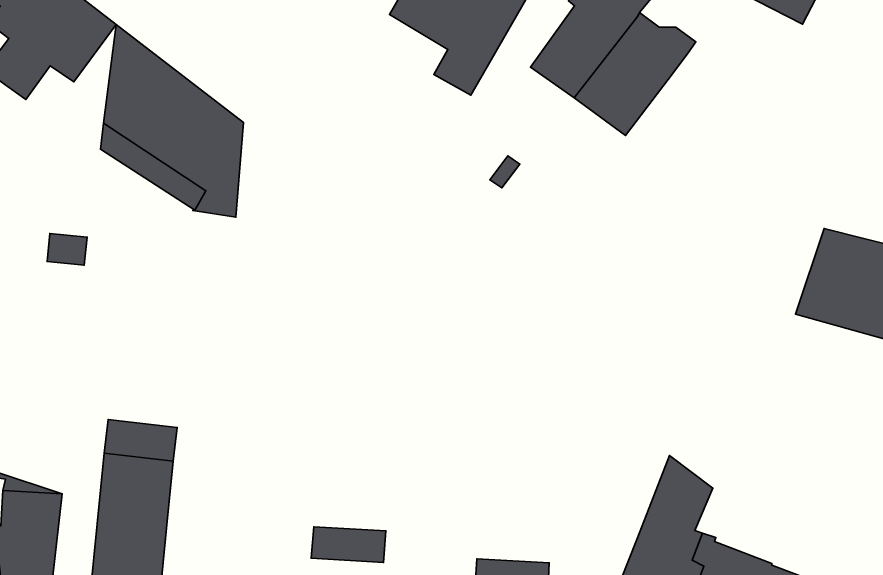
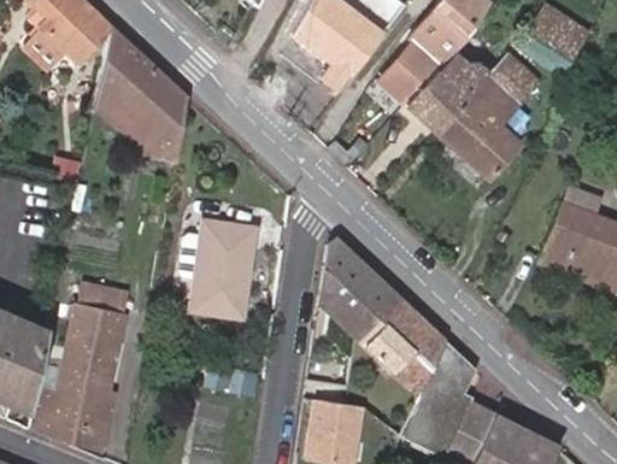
building: none -> [439,53,536,176]
building: none -> [193,221,253,313]
building: none -> [318,237,447,395]

